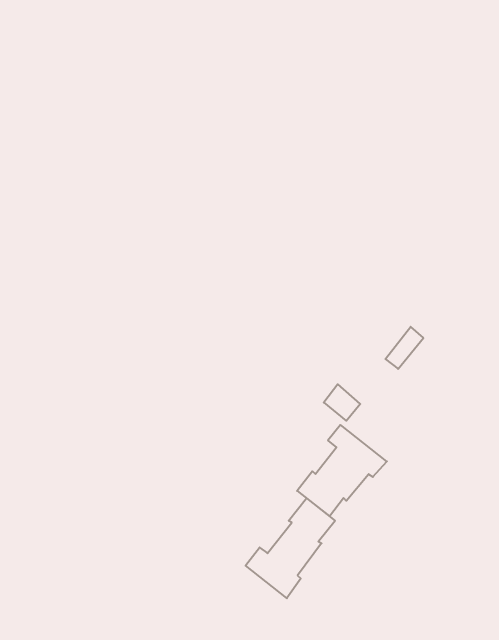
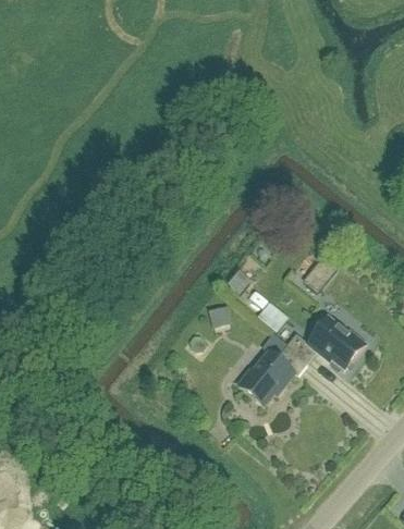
building: none -> [285,317,364,368]
building: [246,498,335,598] -> none

